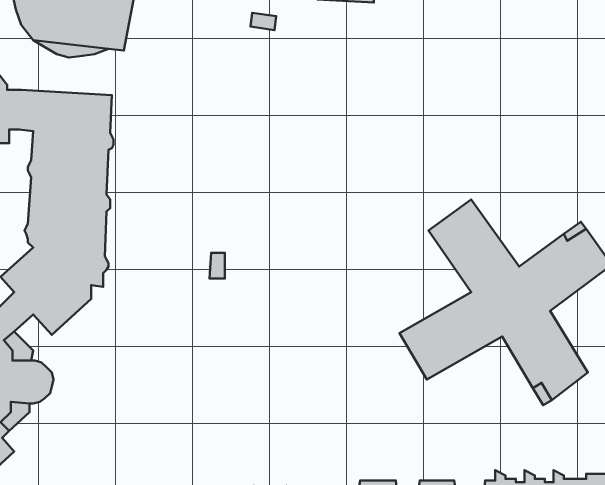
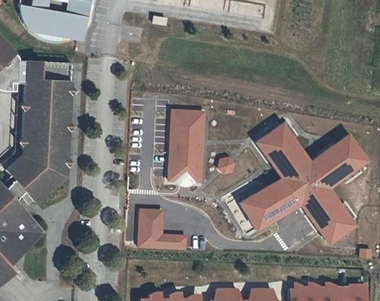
building: none -> [171,109,206,184]
building: none -> [140,208,187,248]

